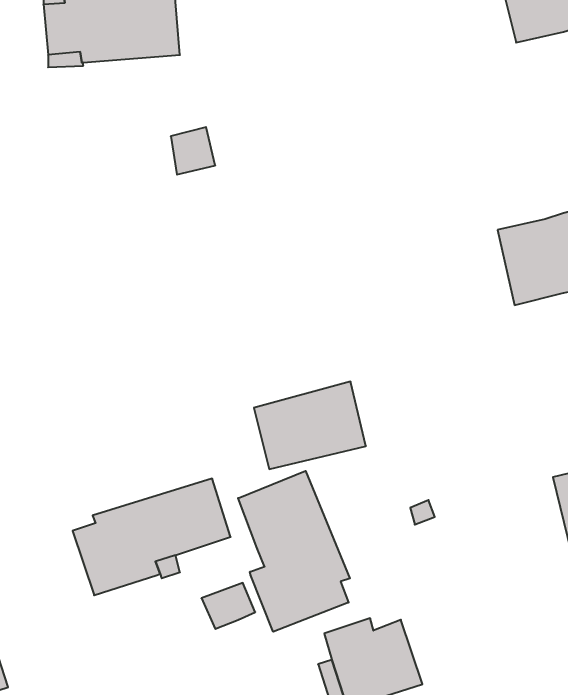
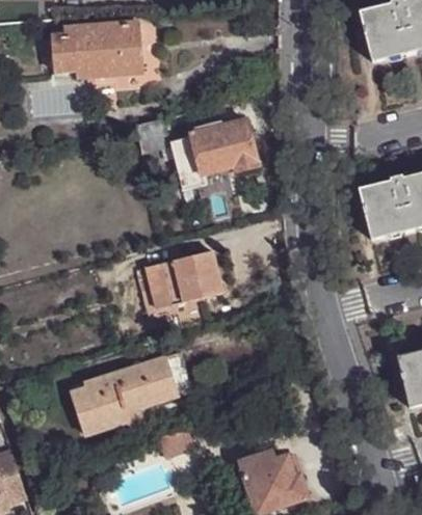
building: none -> [172,119,259,190]
building: [254,382,366,469] -> [143,248,219,307]
building: [238,471,350,632] -> none

